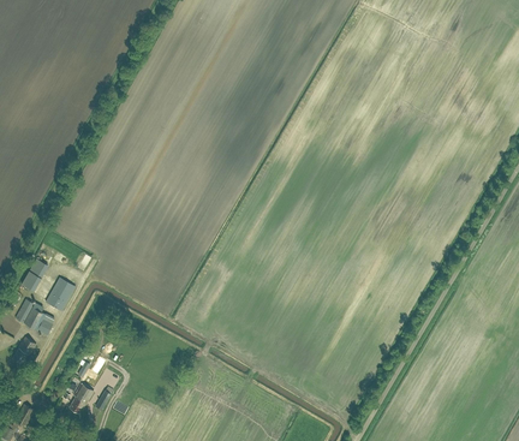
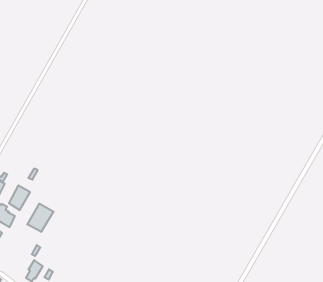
building: none -> [27,204,54,232]

